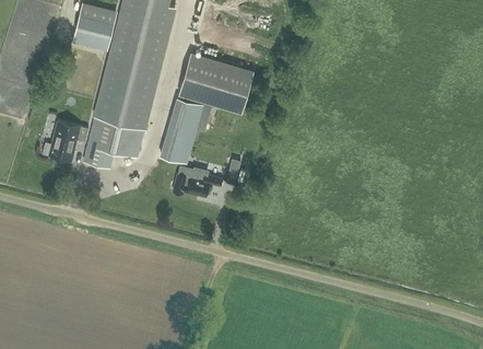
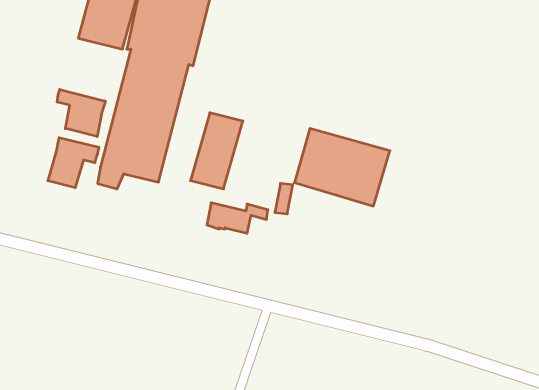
building: [179,53,255,114] -> [294,129,390,206]
building: none -> [57,89,105,137]

